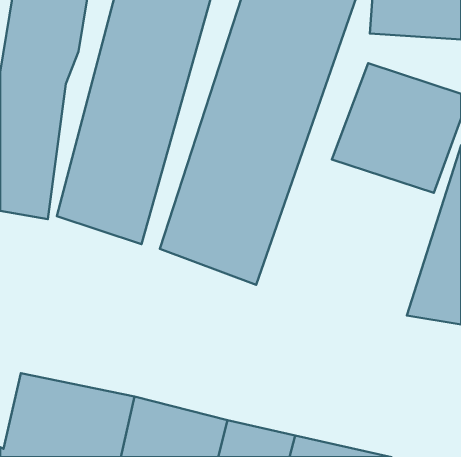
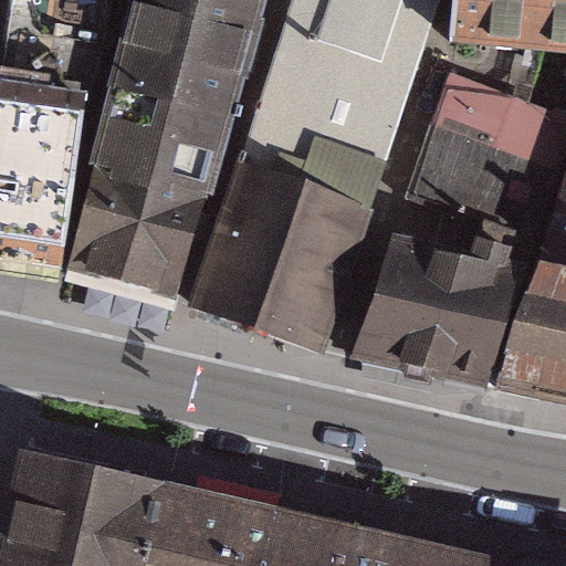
building: none -> [350,224,532,385]

